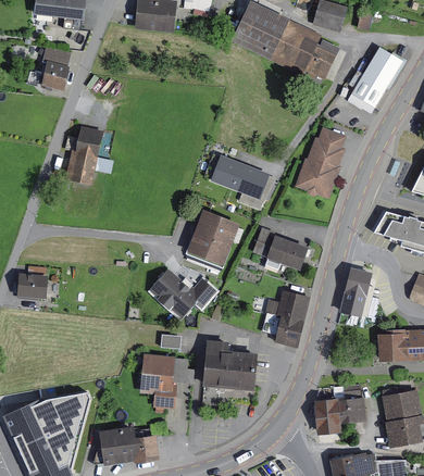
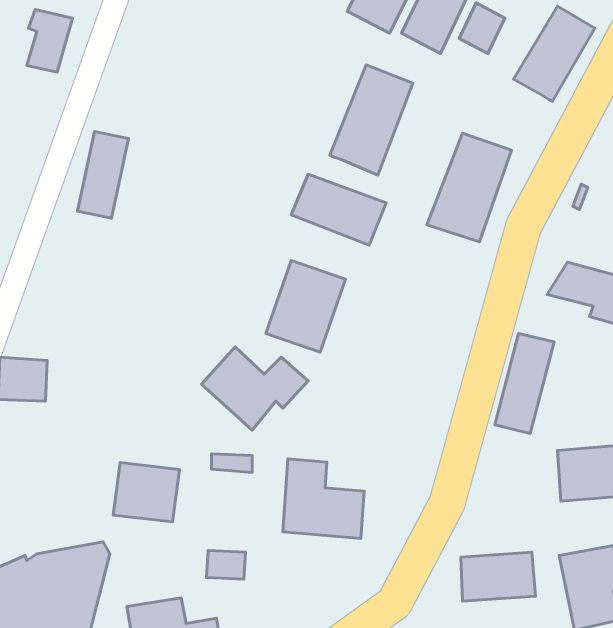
building: none -> [330,65,413,175]
building: [251,227,313,273] -> none
building: [260,292,305,347] -> none
building: [138,353,180,391] -> [113,463,179,522]

